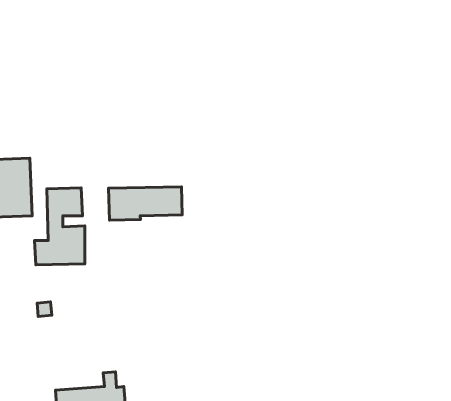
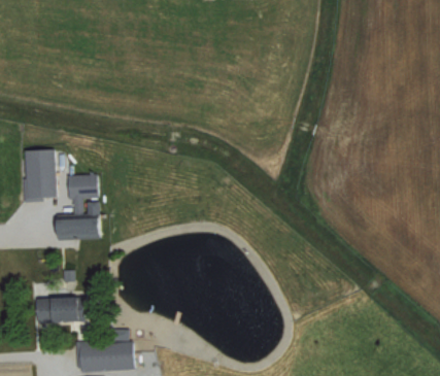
building: [109,187,182,220] -> none
building: none -> [39,297,84,323]

